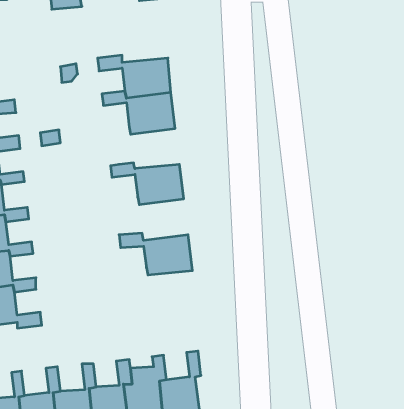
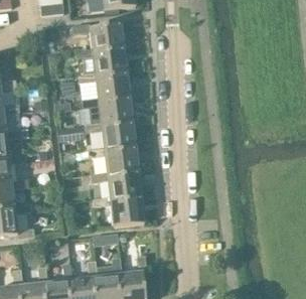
building: none -> [71,21,124,51]
building: none -> [81,97,132,126]
building: none -> [87,146,138,176]
building: none -> [93,195,144,227]

